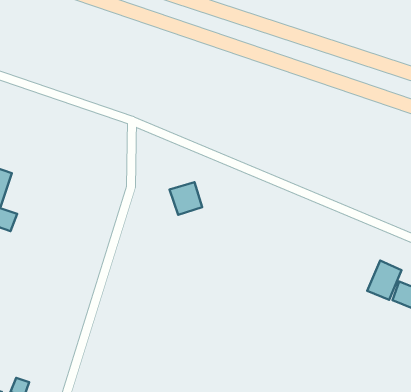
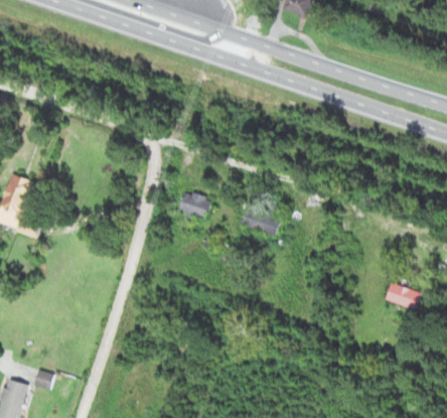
building: none -> [240,205,280,237]
building: [367,260,401,300] -> none

